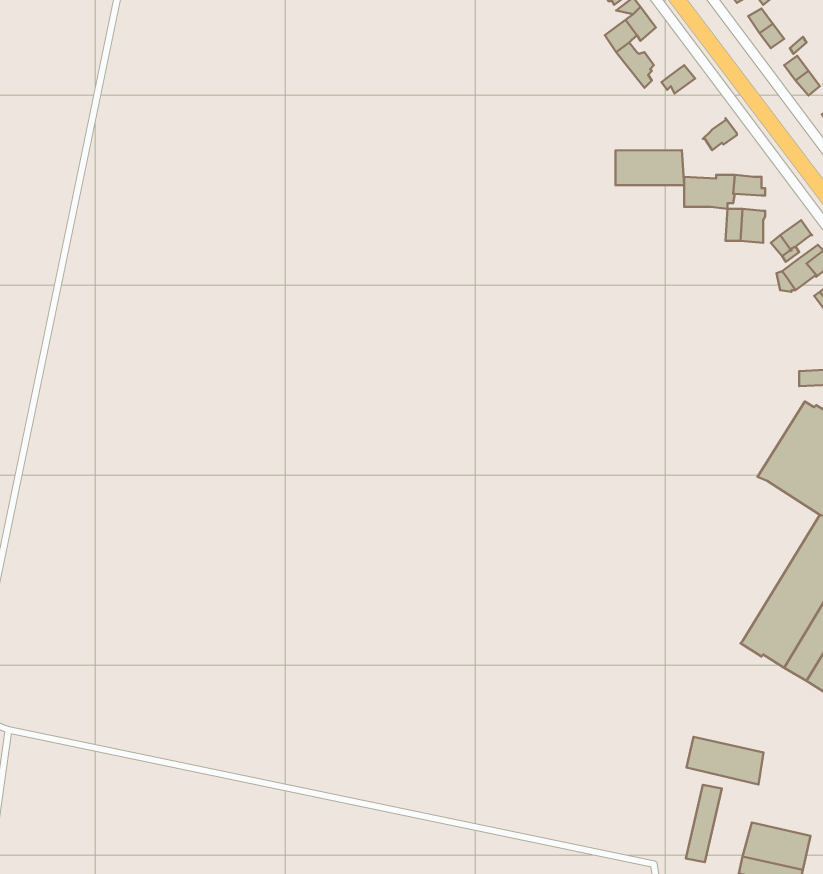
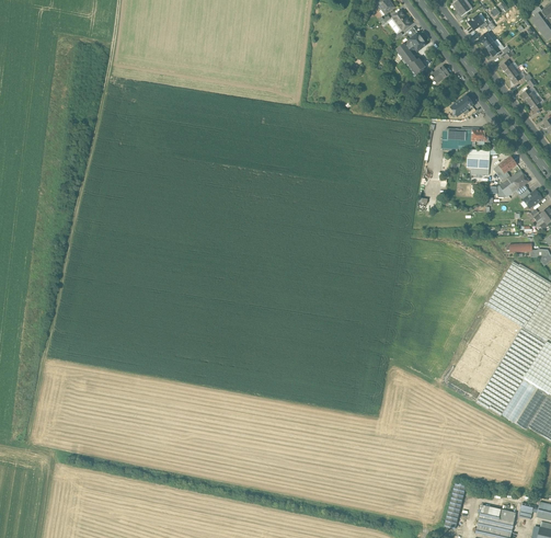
building: [616,150,684,185] -> none
building: [686,737,763,784] -> none

